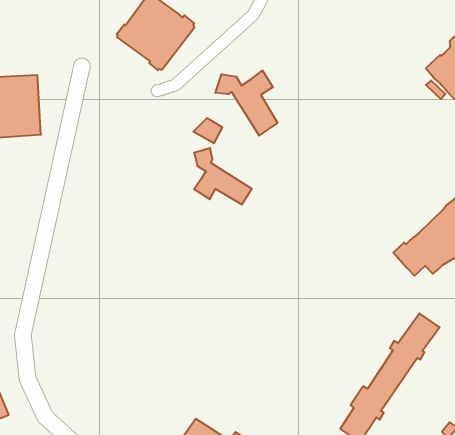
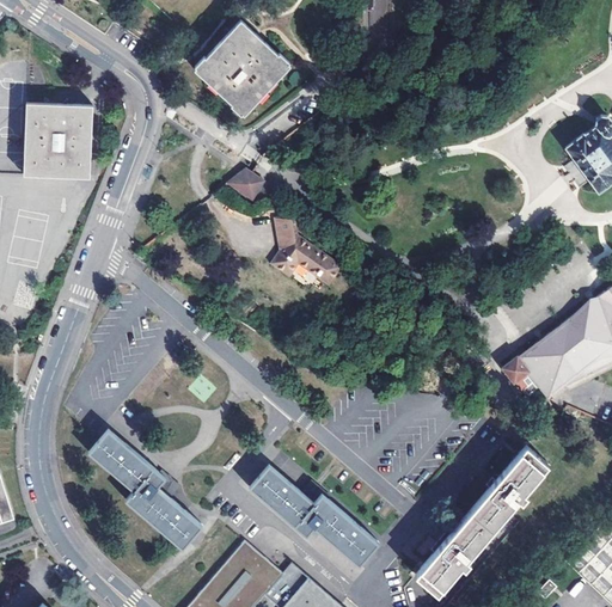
building: [215,70,277,136] -> none
building: [193,118,222,143] -> [228,170,264,201]
building: none -> [90,429,202,548]
building: none -> [250,466,377,565]

